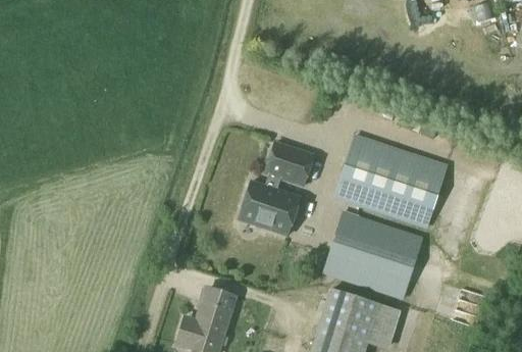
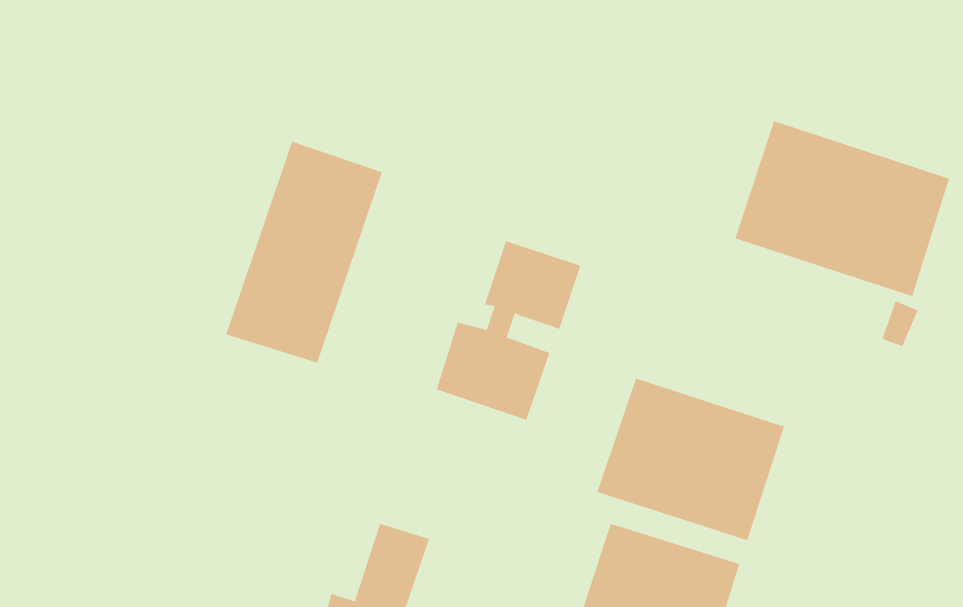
building: none -> [226,141,383,364]
building: [335,136,449,229] -> [735,120,950,297]

